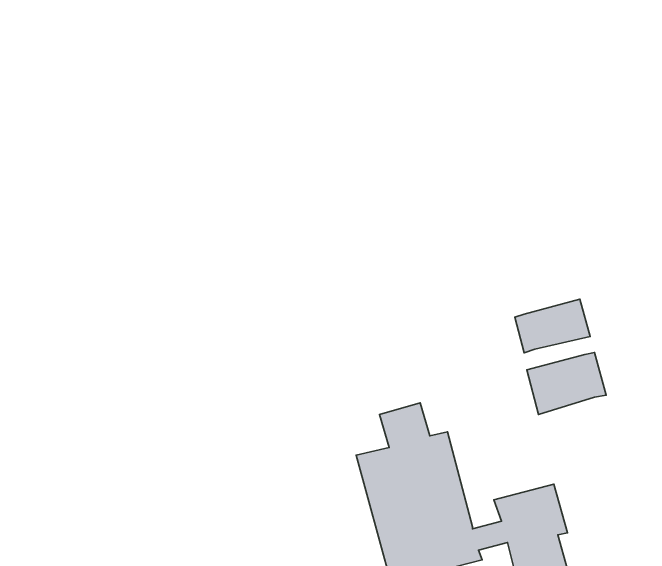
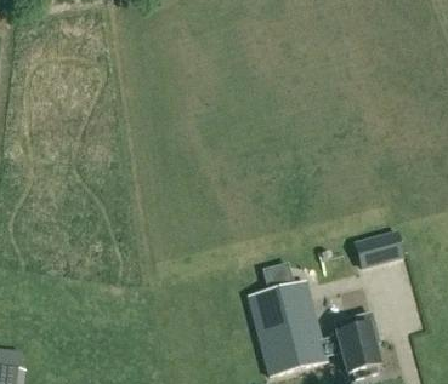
building: [515,299,590,353] -> none

